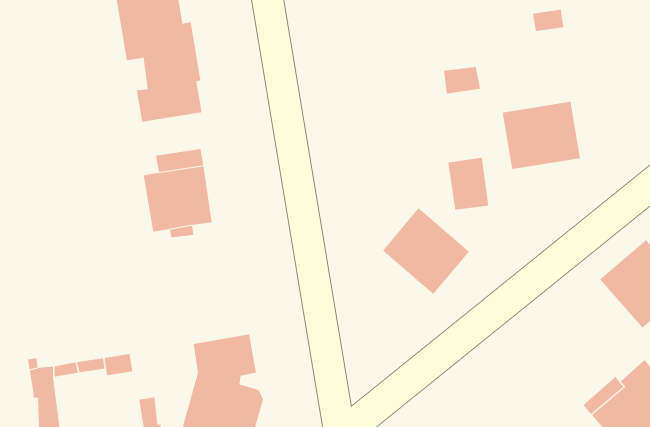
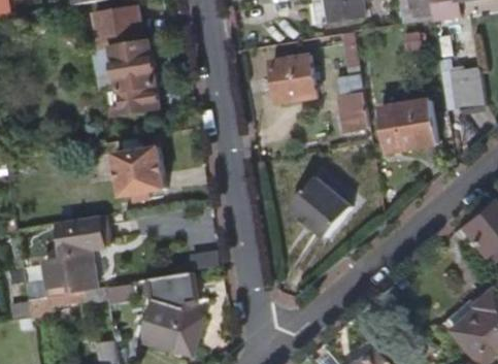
building: none -> [272,55,316,102]
building: none -> [454,71,485,112]
building: [448,157,489,210] -> [338,91,369,130]
building: none -> [43,219,105,290]

